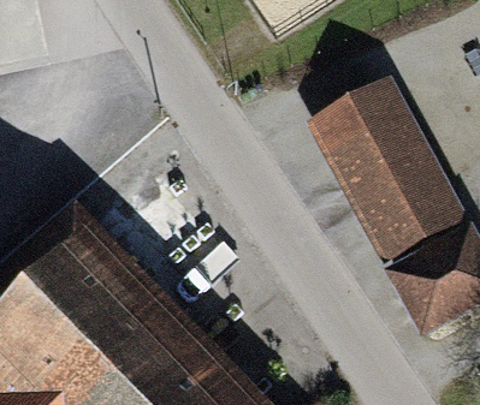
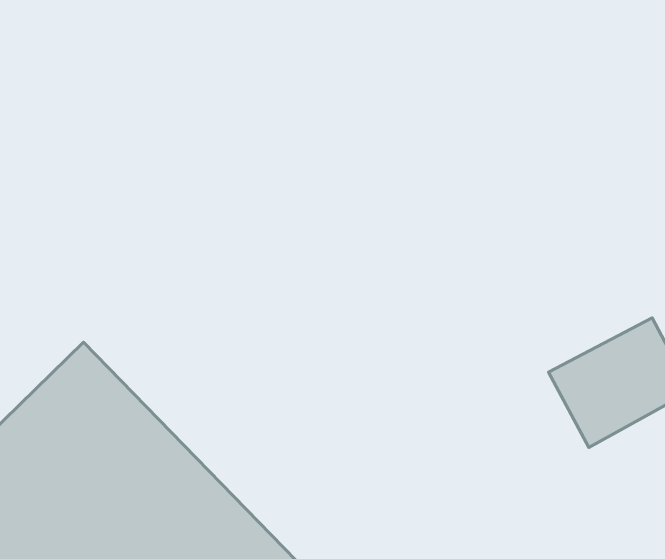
building: [315,83,462,256] -> none

